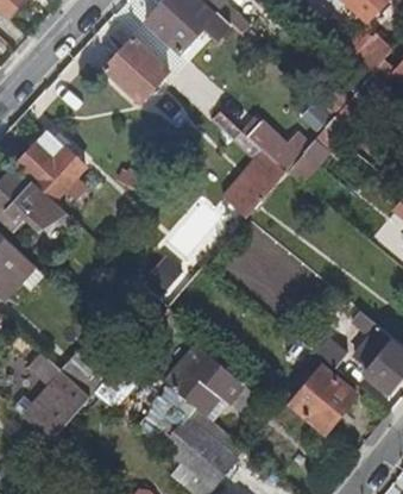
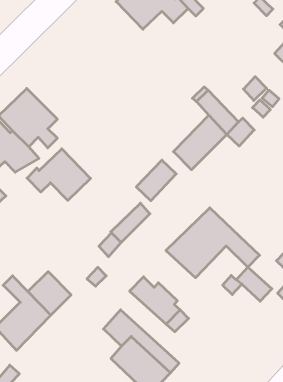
building: [102,38,166,101] -> none
building: none -> [27,149,91,200]
building: none -> [166,208,260,278]
building: [289,367,355,433] -> none

